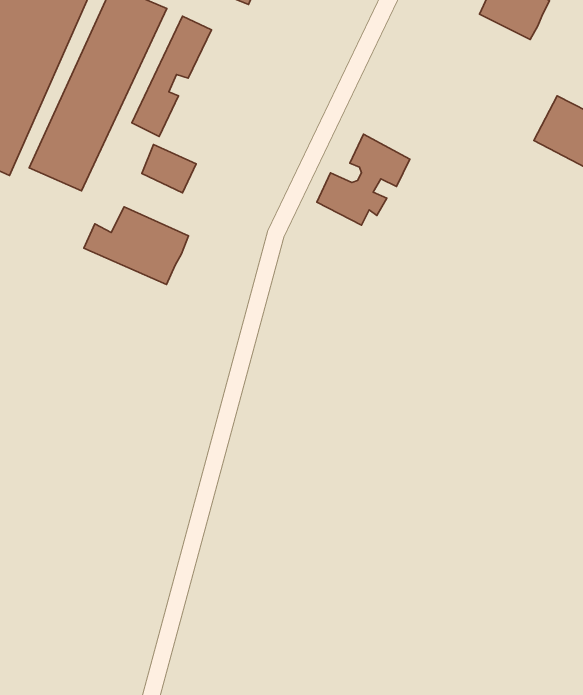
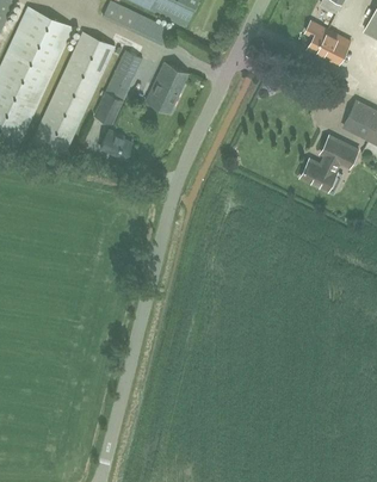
building: none -> [147,61,190,111]
building: [317,134,410,225] -> [301,135,358,191]
building: [84,207,188,285] -> none

